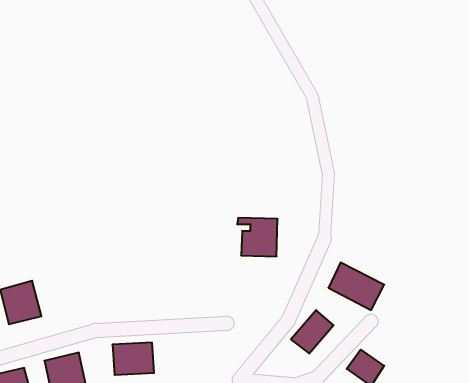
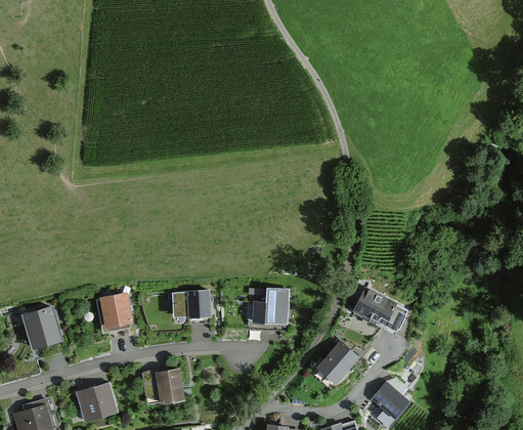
building: [237,218,278,256] -> [250,290,291,329]
building: none -> [174,293,212,325]
building: none -> [103,296,133,329]

